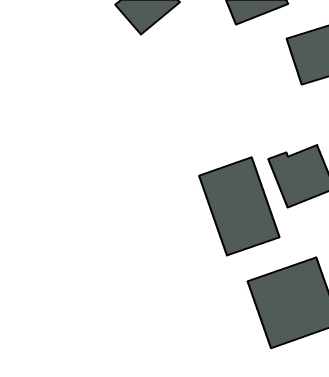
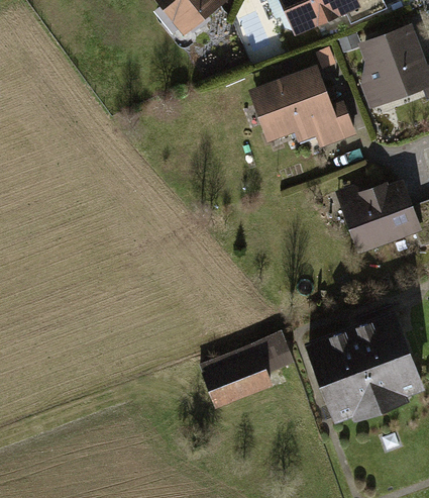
building: none -> [252,73,361,157]
building: [199,157,279,256] -> none
building: none -> [201,337,289,407]

